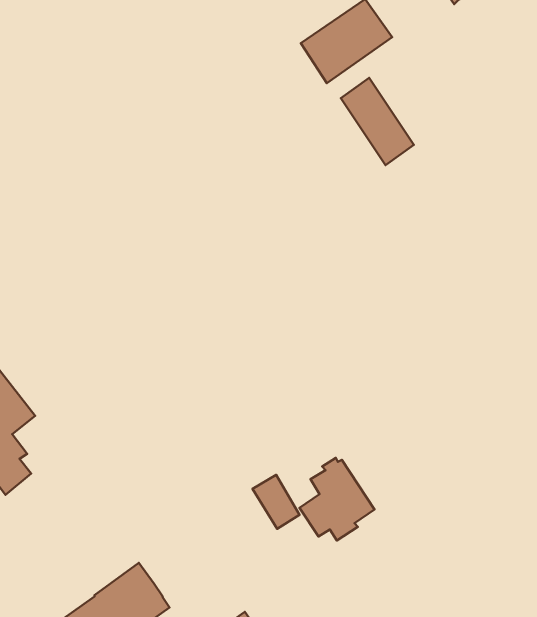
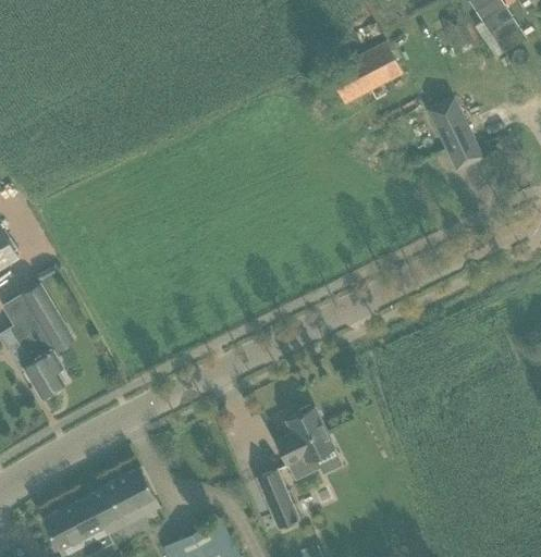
building: [341,78,414,165] -> [429,98,482,170]
building: [252,475,300,529] -> [257,470,292,513]

